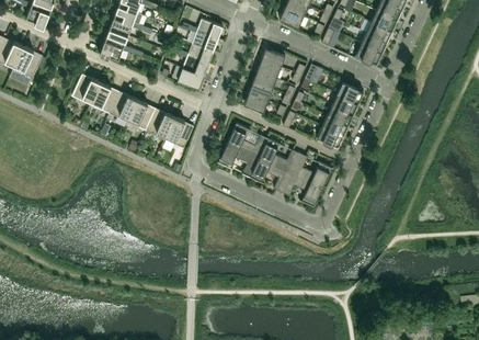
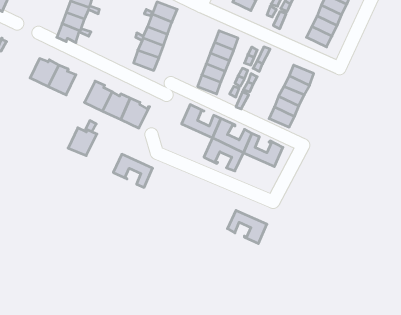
building: [109,93,138,122] -> [68,128,97,156]
building: [218,144,259,178] -> [113,154,153,187]
building: [282,173,322,207] -> [227,210,267,244]

